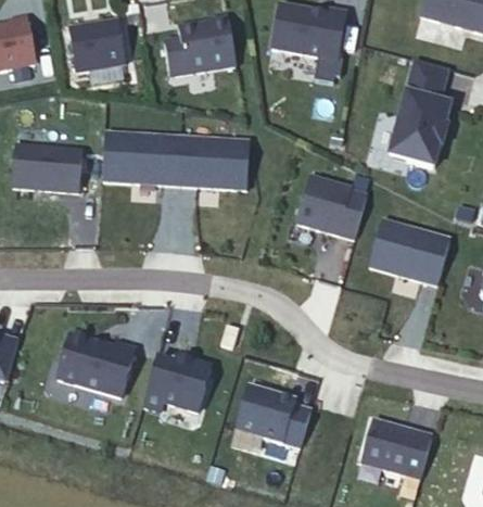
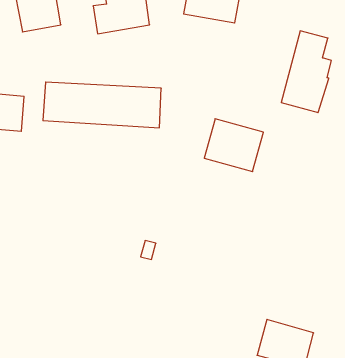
building: [369,218,449,282] -> none
building: [59,335,136,397] -> none
building: [148,357,212,413] -> none
building: [237,386,312,448] -> none

